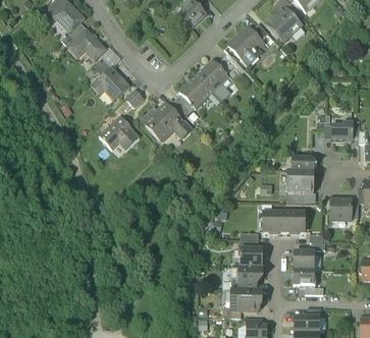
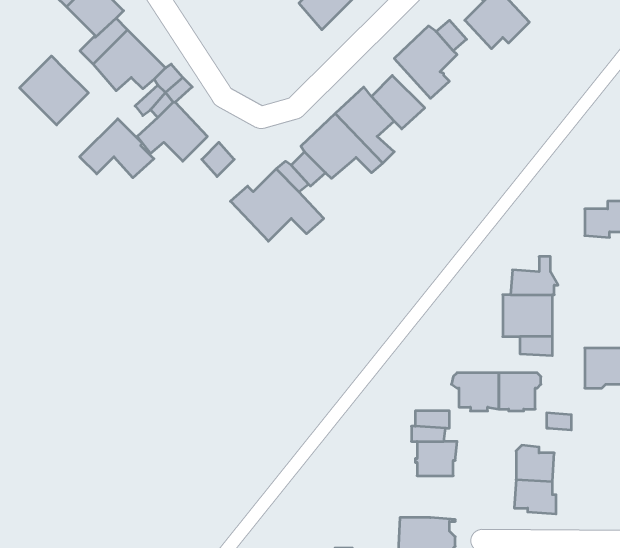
building: none -> [20,56,88,125]
building: [99,116,139,148] -> [80,119,154,178]
building: [231,267,261,289] -> none

